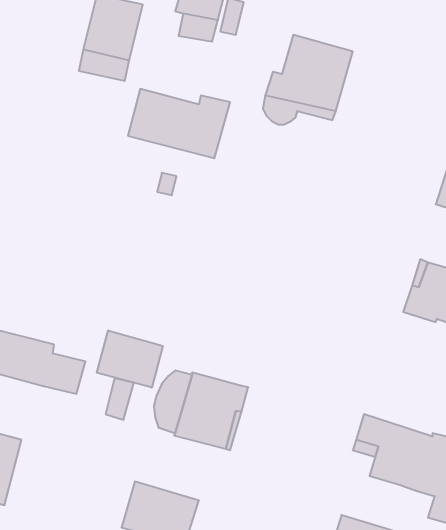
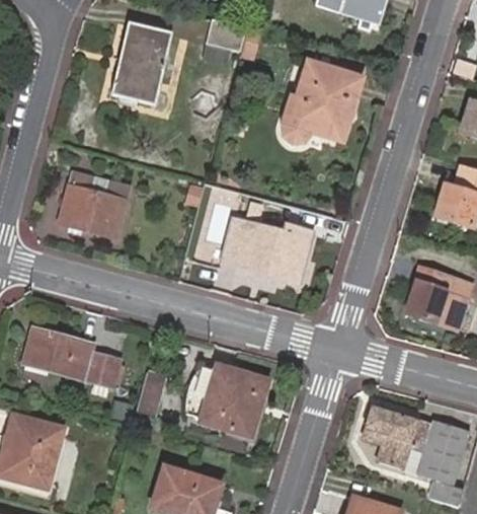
building: [128,89,230,158] -> [222,214,314,277]
building: none -> [60,172,130,237]
building: [97,330,163,388] -> none

